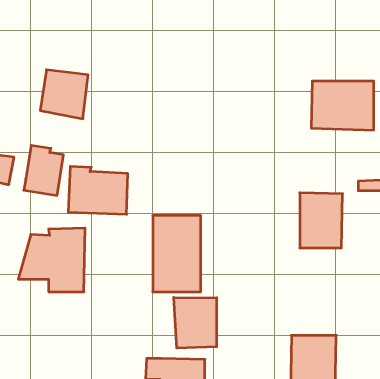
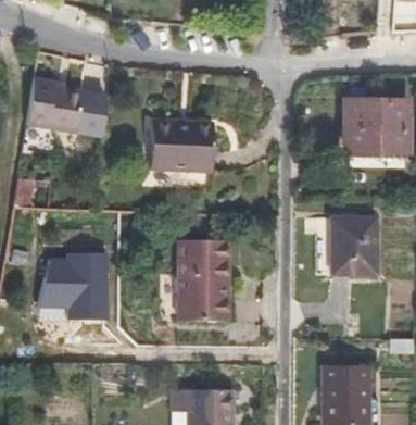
building: [24,145,63,195] -> [26,77,67,129]
building: [68,166,128,214] -> [150,120,212,170]
building: [174,297,217,348] -> none

